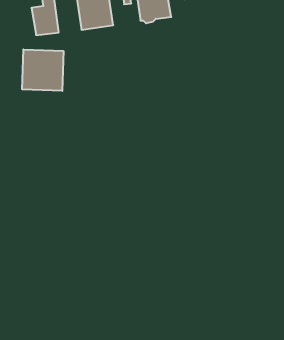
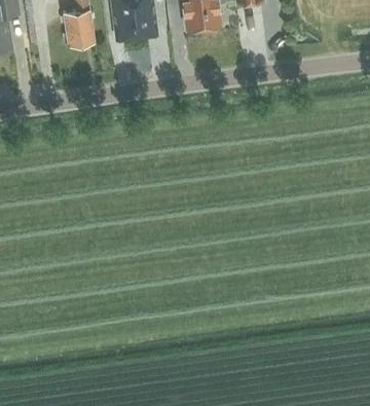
building: [22,49,63,91] -> none

